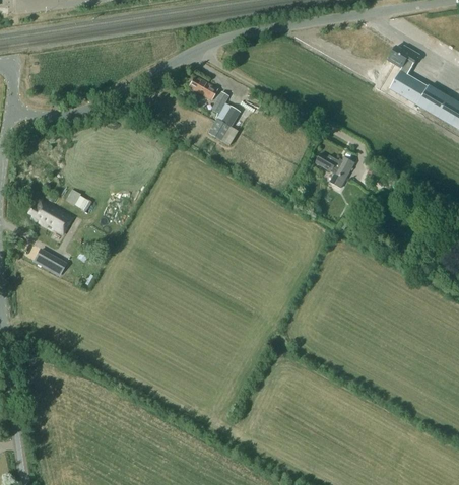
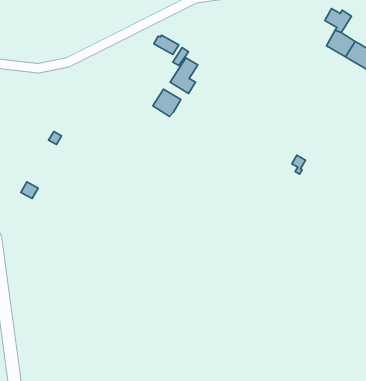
building: none -> [153,89,181,117]
building: [317,153,355,188] -> none
building: [28,201,68,231] -> none

